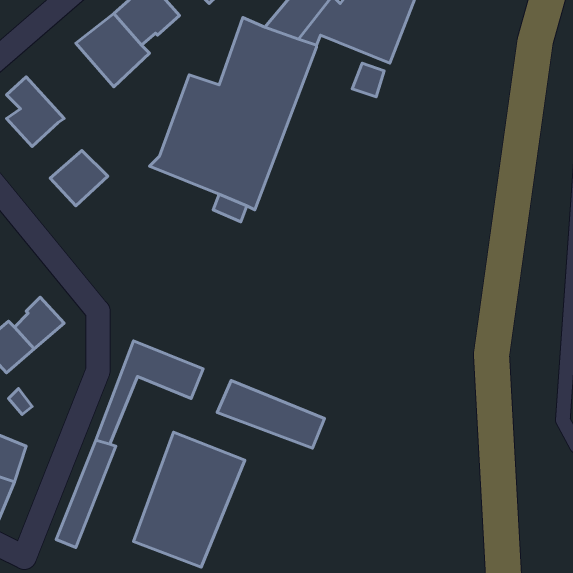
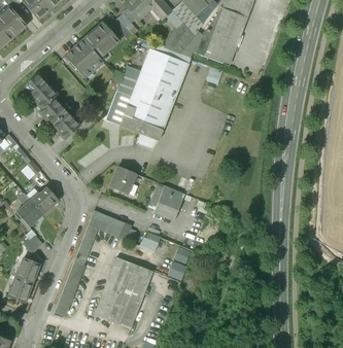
building: none -> [39,96,68,125]
building: none -> [110,166,137,195]
building: none -> [148,182,184,220]

